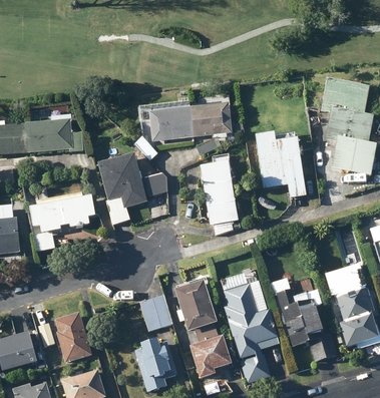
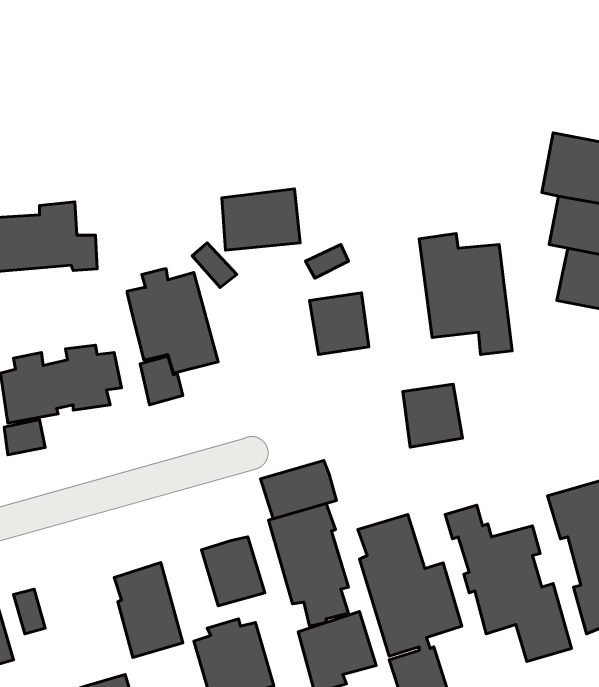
building: [188,102,232,135] -> none
building: [141,172,167,196] -> none
building: [202,191,234,226] -> [403,384,462,447]
building: none -> [261,460,336,519]
building: [54,311,91,362] -> [114,563,183,658]

